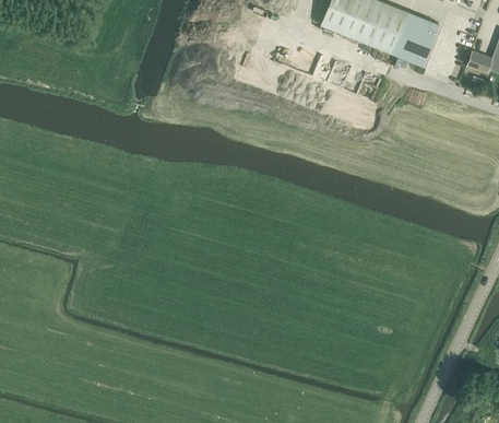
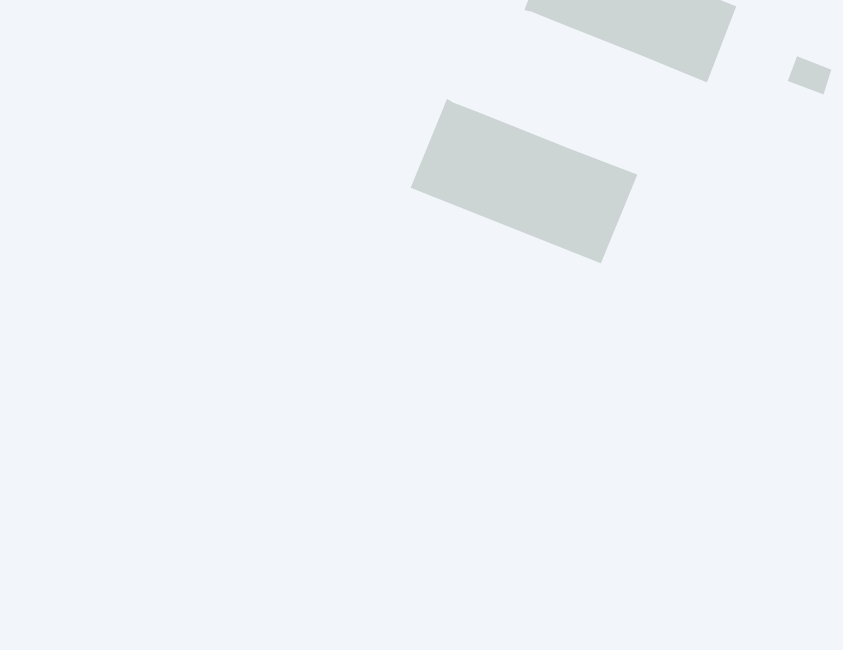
building: none -> [410,98,638,264]

